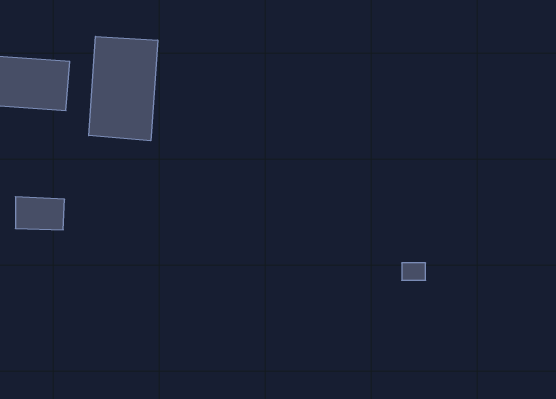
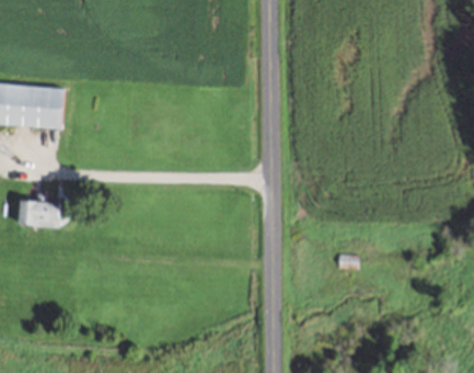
building: [89,36,158,141] -> none

